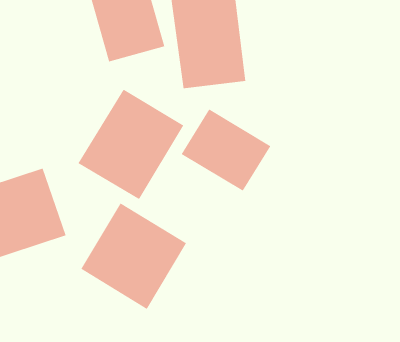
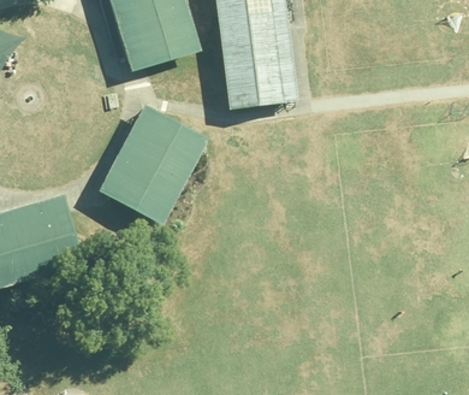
building: [181,109,271,192] -> none
building: [81,202,187,310] -> none

